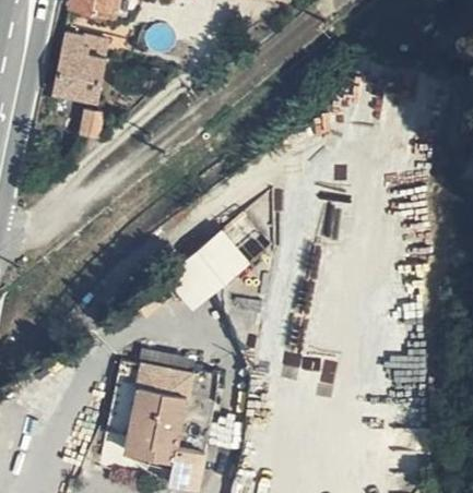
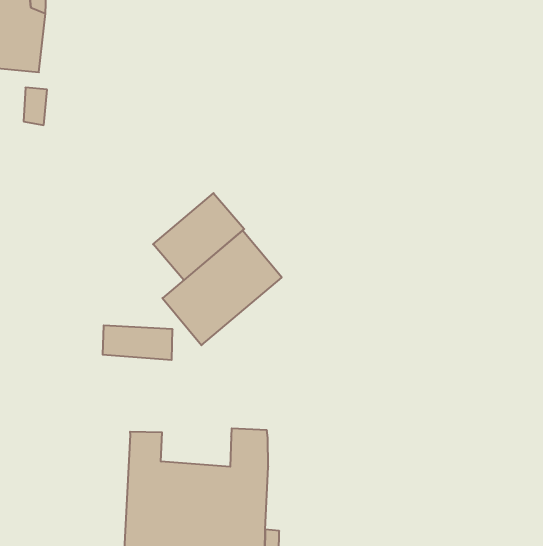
building: none -> [153,193,244,280]
building: [146,366,199,397] -> [103,325,173,360]

